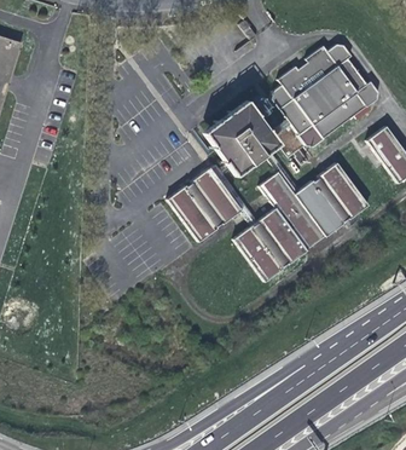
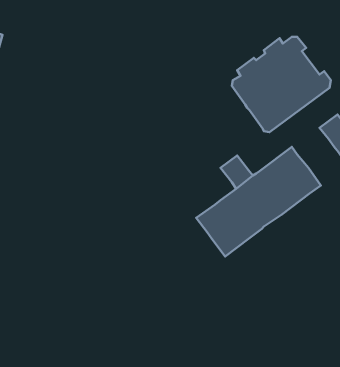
building: [202,91,291,180] -> none
building: [168,168,242,242] -> none

